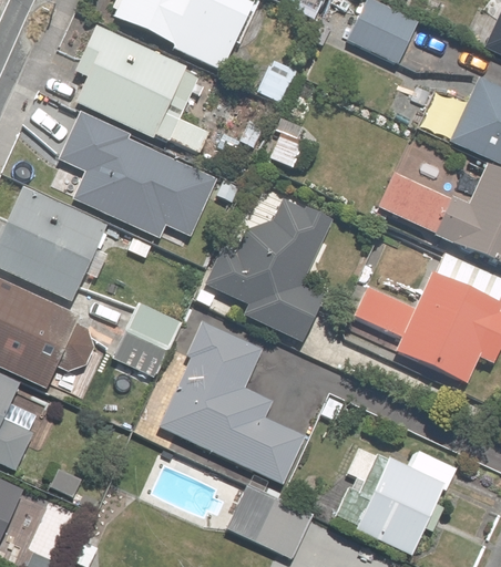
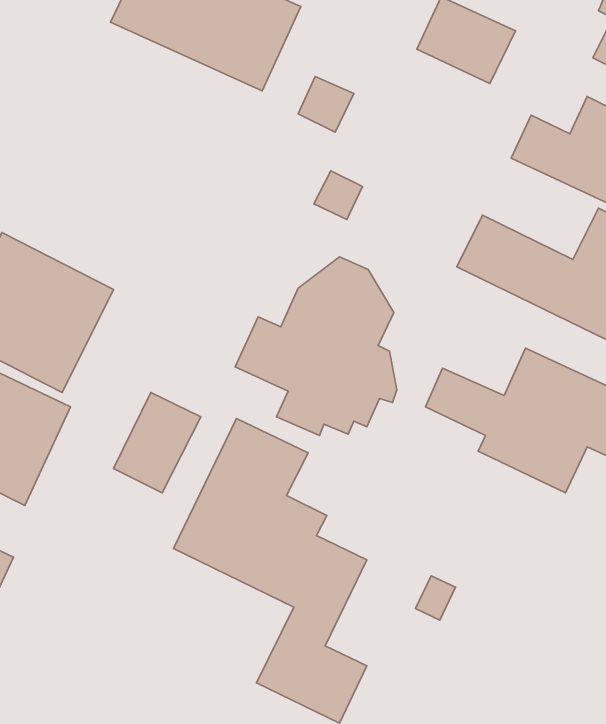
building: [74,27,213,157] -> none
building: [58,110,222,239] -> none
building: [356,449,458,556] -> none

